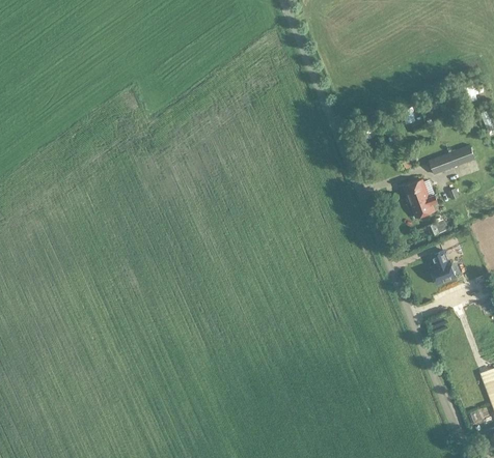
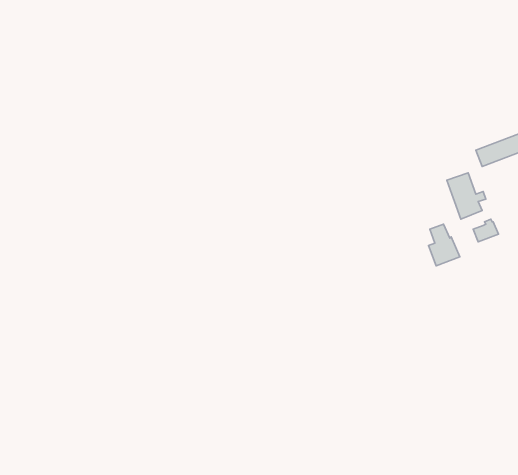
building: [431,251,457,285] -> [429,224,460,266]

